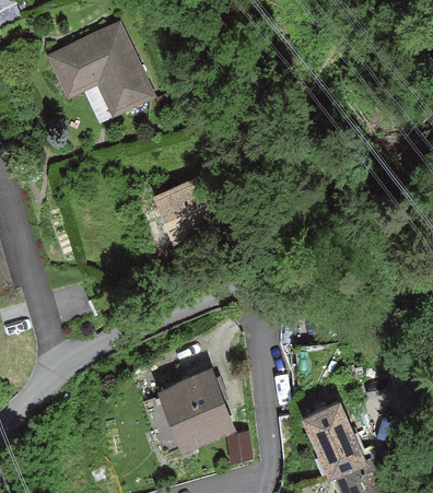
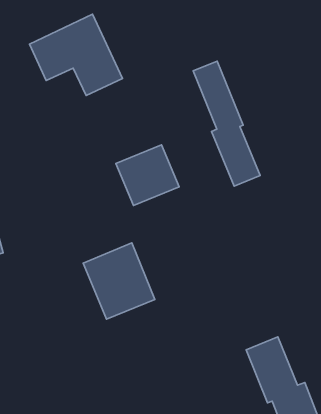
building: none -> [193,61,260,186]
building: [153,364,237,454] -> [83,243,155,319]

